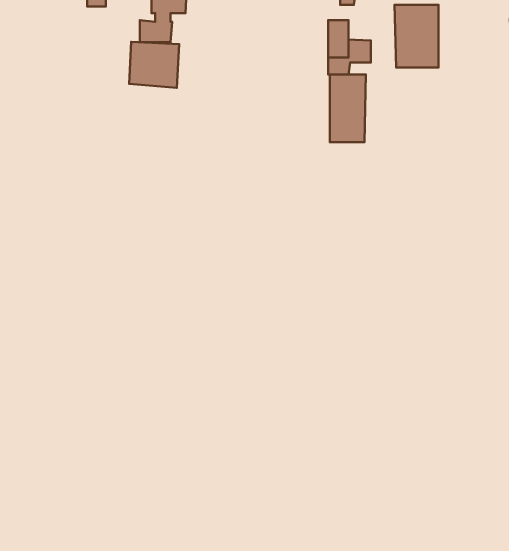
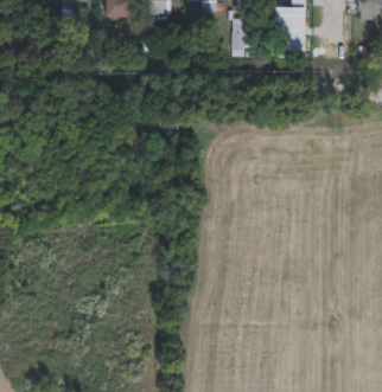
building: [129,42,179,88] -> none
building: [330,74,366,142] -> none

